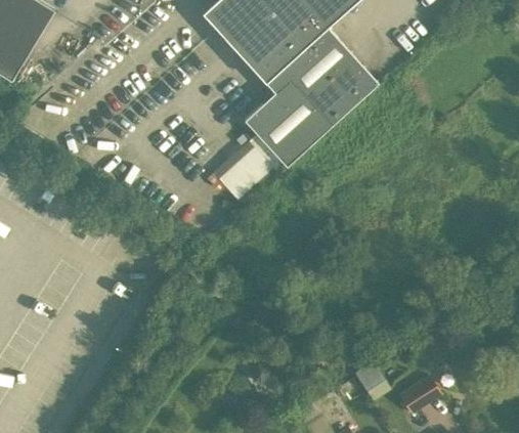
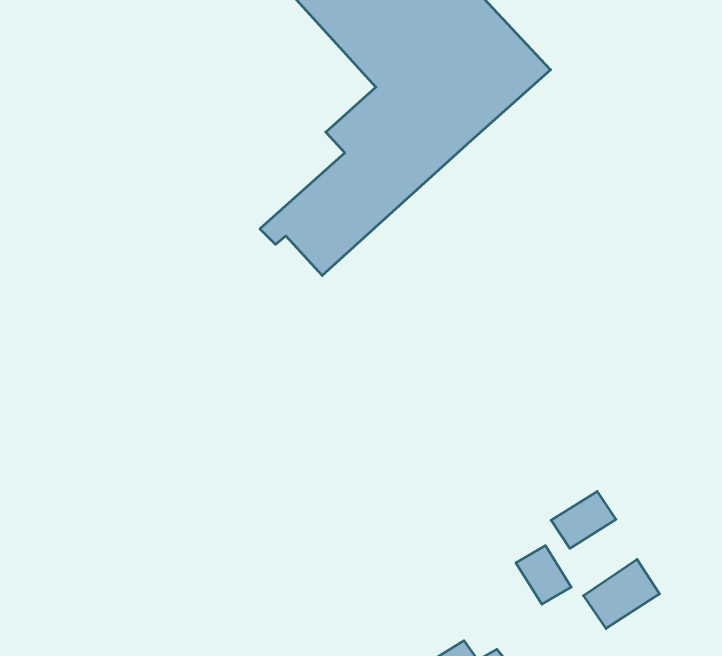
building: none -> [551,491,616,548]

